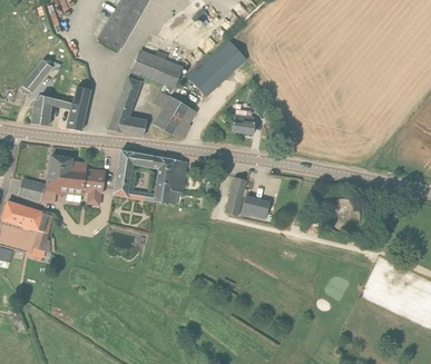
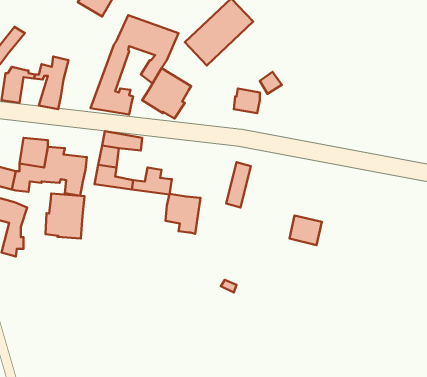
building: [157,158,187,193] -> [166,194,200,234]
building: [241,197,268,223] -> [289,215,322,245]
building: none -> [46,194,84,238]

